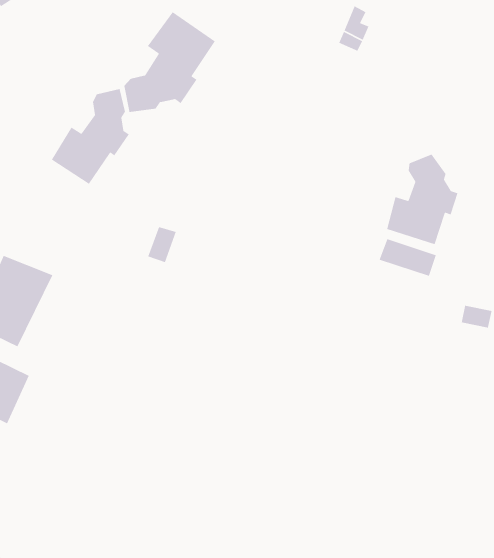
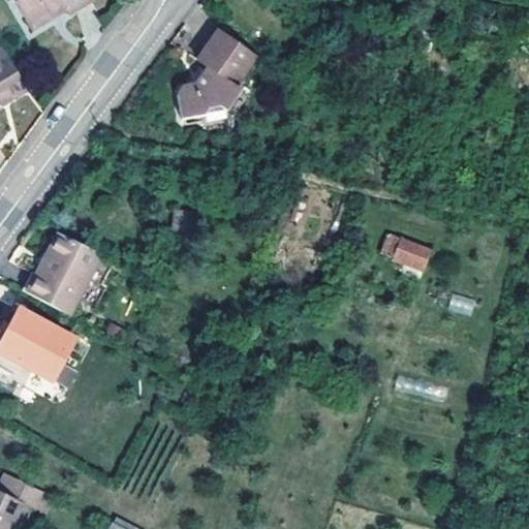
building: [51,88,130,185] -> none
building: [386,154,459,245] -> none

